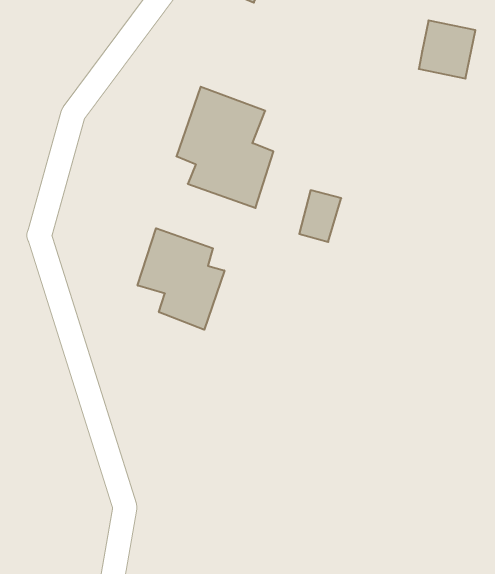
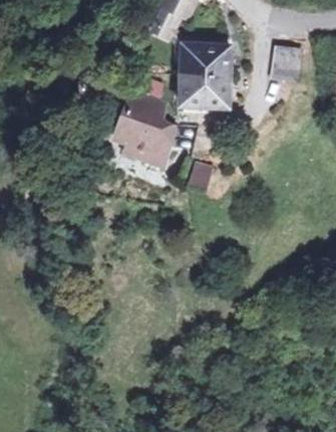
building: none -> [175,46,231,106]
building: [138,228,224,330] -> none

